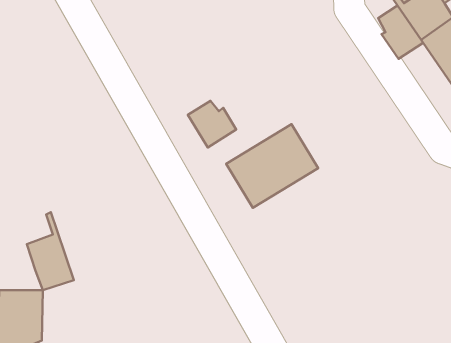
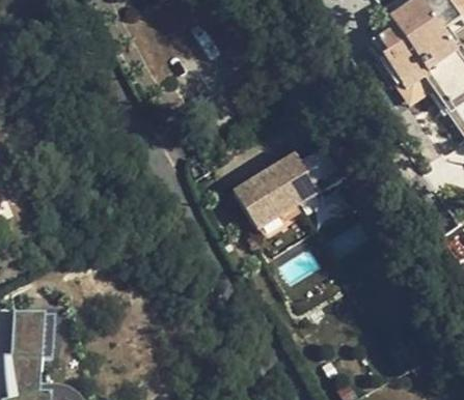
building: [188,101,236,147] -> none
building: [27,212,74,290] -> none

